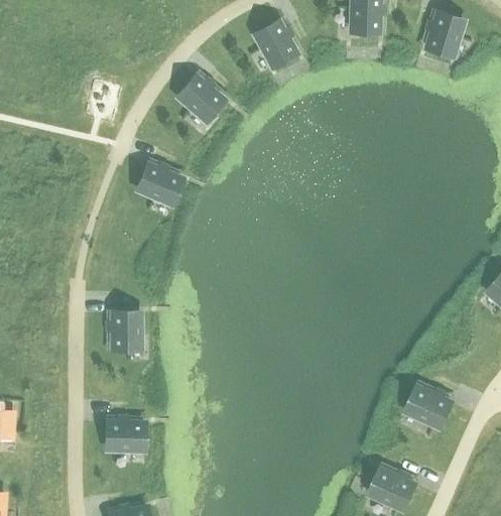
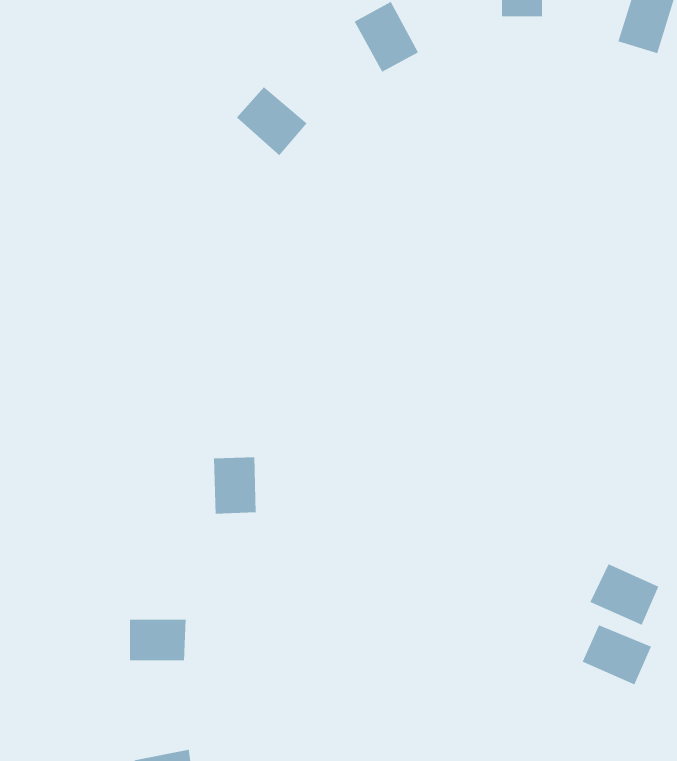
building: [137,164,181,204] -> none
building: [113,312,141,350] -> [213,457,257,514]
building: [371,468,416,508] -> [582,623,652,685]

